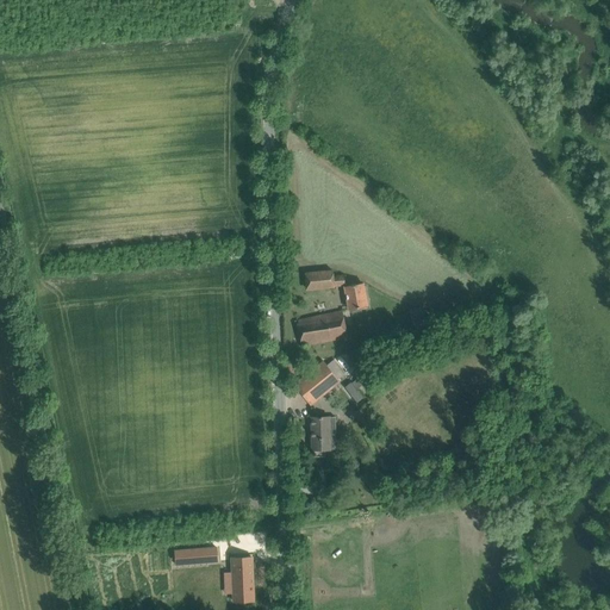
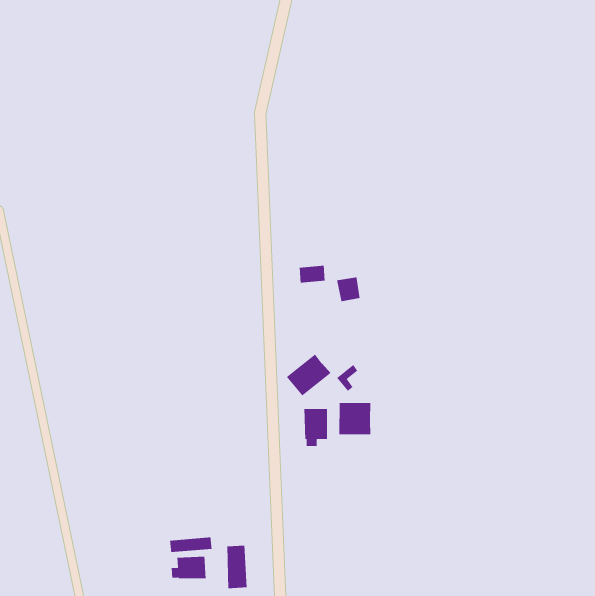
building: [293,311,348,347] -> none
building: none -> [339,402,371,435]
building: none -> [171,556,206,579]

